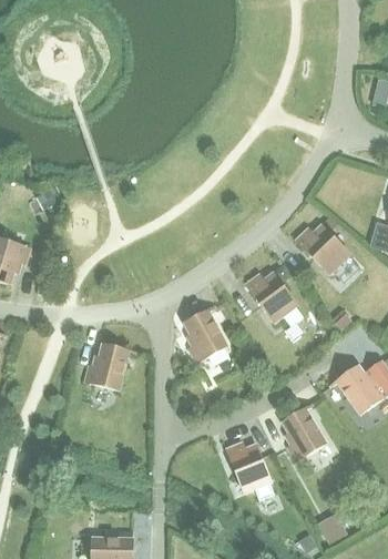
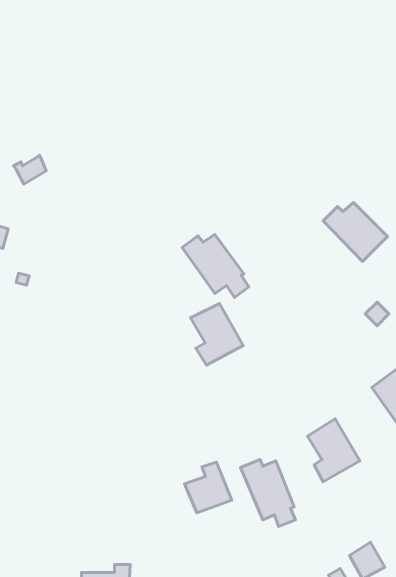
building: [245,272,302,325] -> [182,234,249,297]
building: [84,343,129,389] -> none
building: none -> [184,462,232,513]

